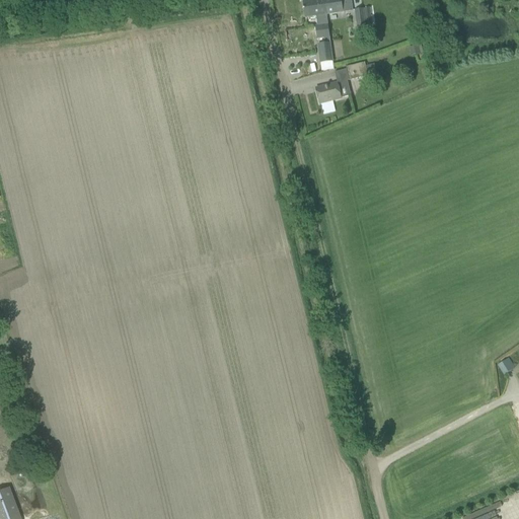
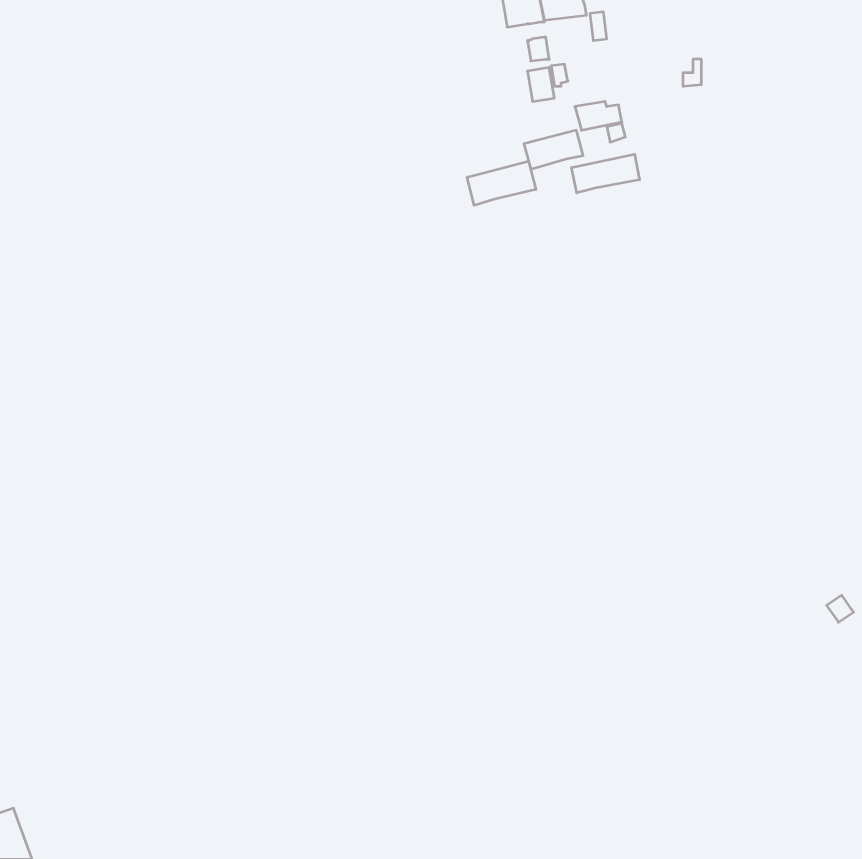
building: none -> [572,154,640,193]
building: none -> [467,161,536,205]

